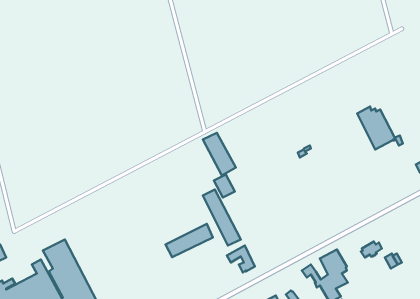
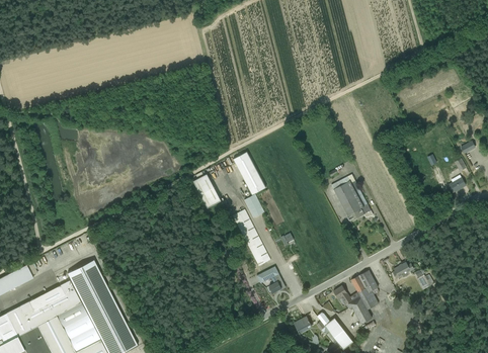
building: [357,107,395,149] -> [331,178,370,222]
building: none -> [192,174,221,208]
building: [166,224,213,257] -> none

